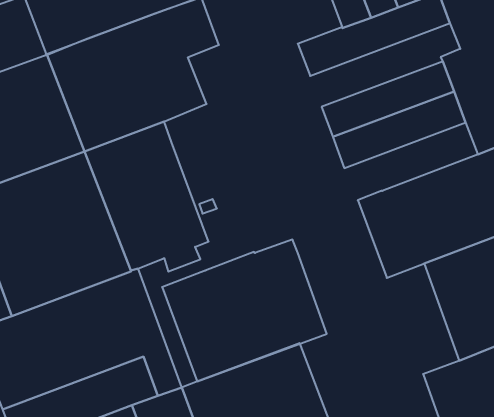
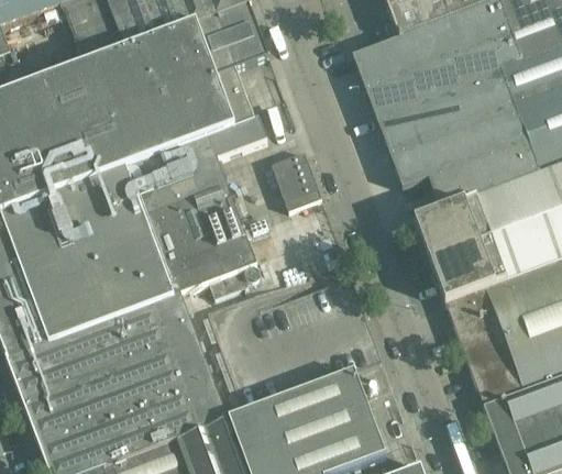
building: none -> [365,33,525,122]
building: none -> [210,118,267,159]
building: none -> [401,139,543,211]
building: none -> [272,152,322,210]
building: none -> [447,288,524,406]

